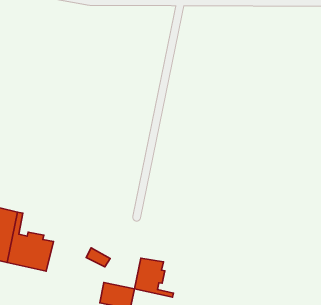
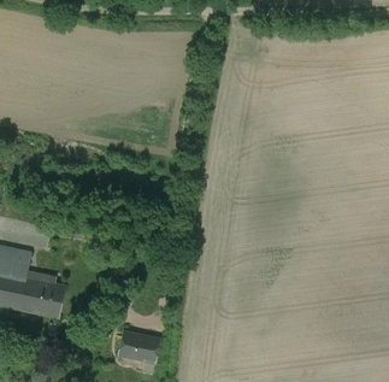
building: [134,258,173,297] -> none

